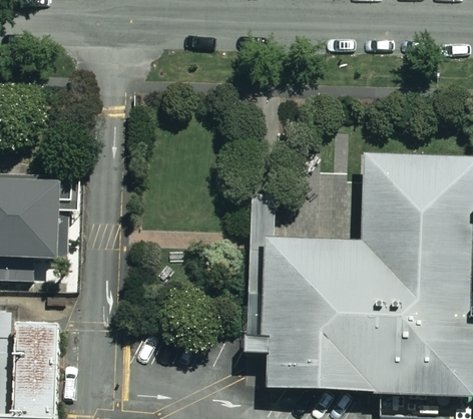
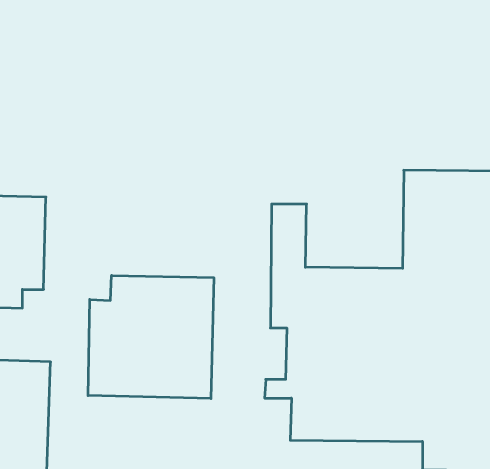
building: none -> [88,275,214,399]

